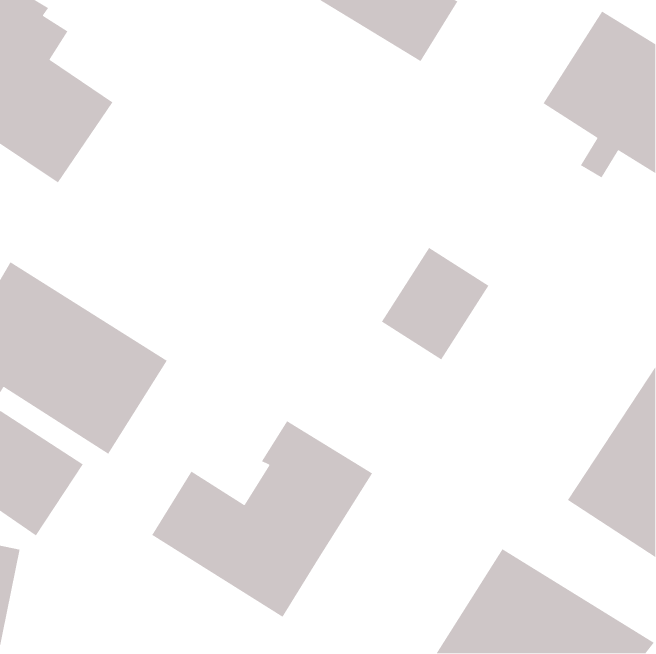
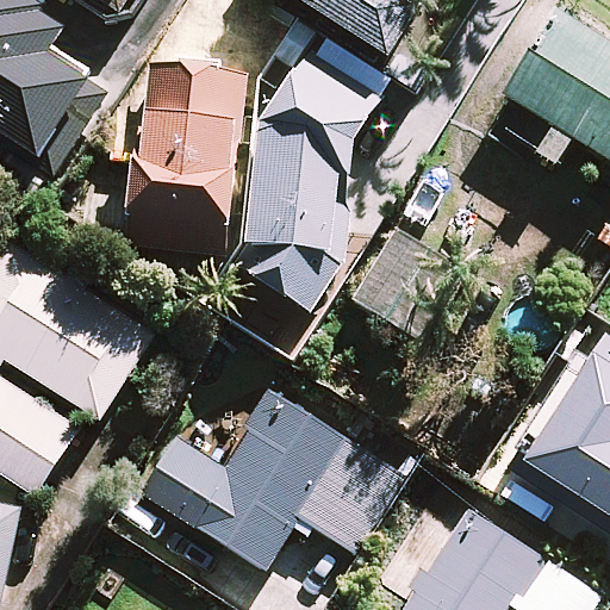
building: none -> [234,49,384,312]
building: none -> [125,58,242,255]
building: none -> [294,436,404,553]

